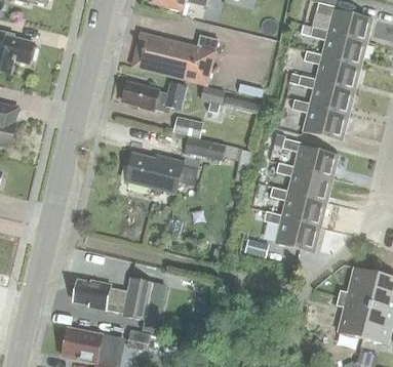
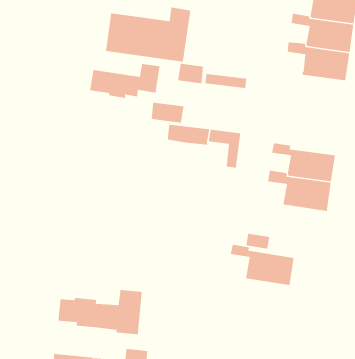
building: [291,98,347,140] -> none
building: [281,137,338,178] -> none
building: [125,152,197,193] -> none
building: [263,210,319,252] -> [230,244,294,286]

